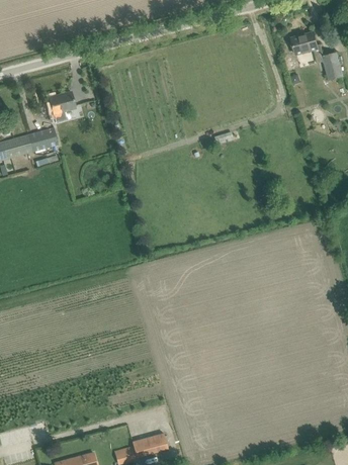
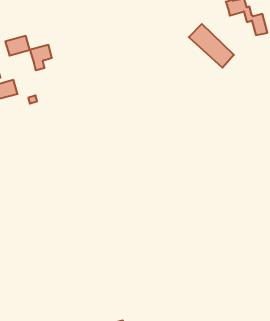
building: none -> [189,24,234,68]
building: [28,127,59,152] -> [5,36,30,56]

